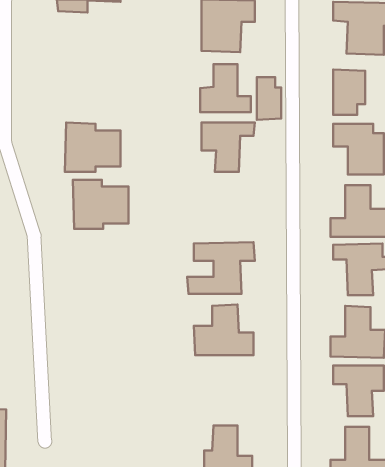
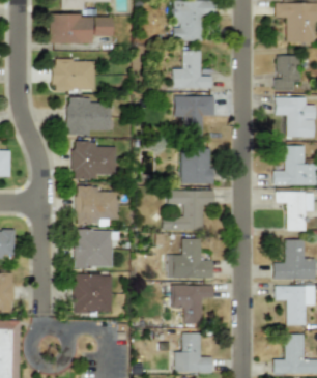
building: none -> [49,14,113,43]
building: none -> [54,59,95,90]
building: [257,77,281,120] -> none
building: none -> [180,148,212,183]
building: none -> [75,185,118,225]
building: none -> [74,230,112,267]
building: none -> [73,273,112,312]
building: none -> [172,285,213,323]

